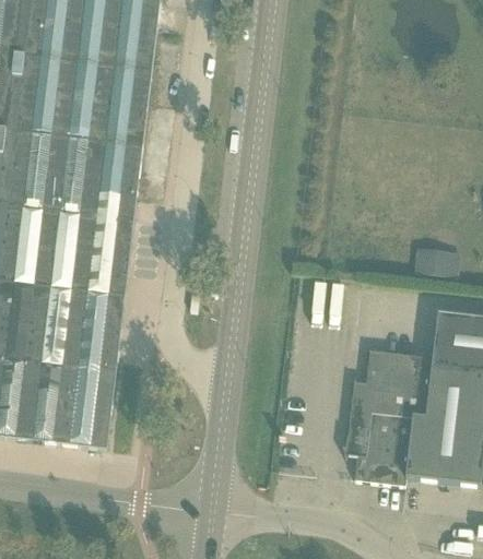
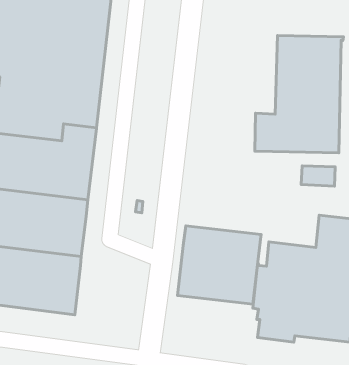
building: none -> [255,36,344,153]
building: none -> [177,226,261,304]

